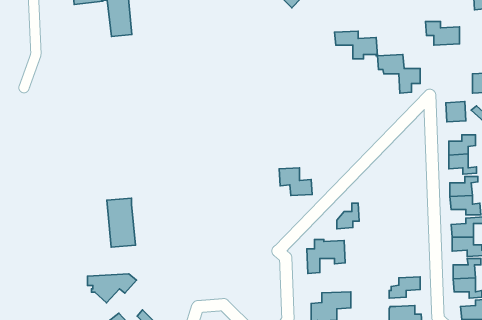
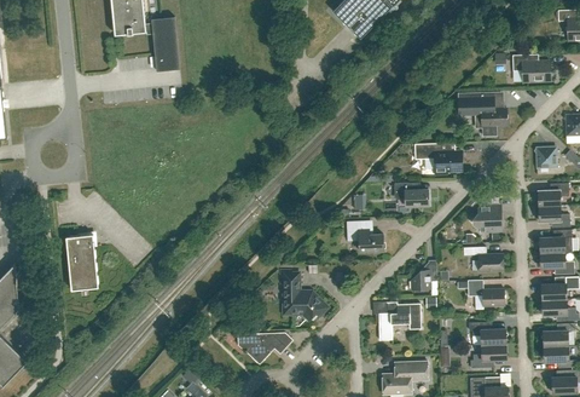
building: [335,31,377,59] -> [413,143,462,174]
building: none -> [393,183,428,206]
building: none -> [471,205,501,231]
building: none -> [463,247,503,271]
building: [107,198,136,247] -> [65,234,98,289]
building: none -> [280,271,326,320]
building: none -> [466,280,504,306]
building: none -> [468,322,505,345]
building: [87,274,136,303] -> [237,332,292,364]

